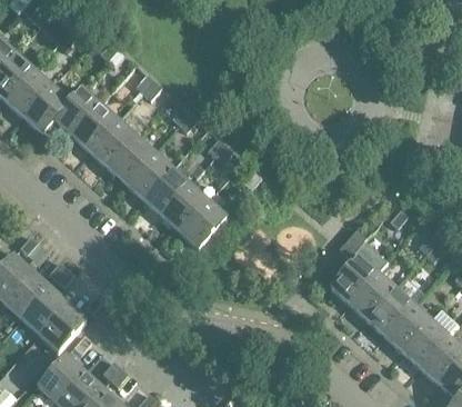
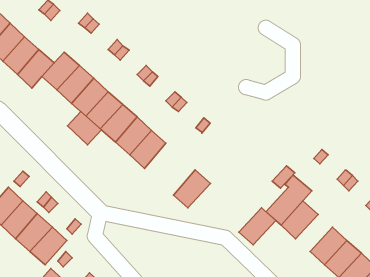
building: none -> [68,112,101,145]
building: [181,201,227,248] -> [174,170,210,208]
building: [368,289,413,335] -> [239,208,276,245]

